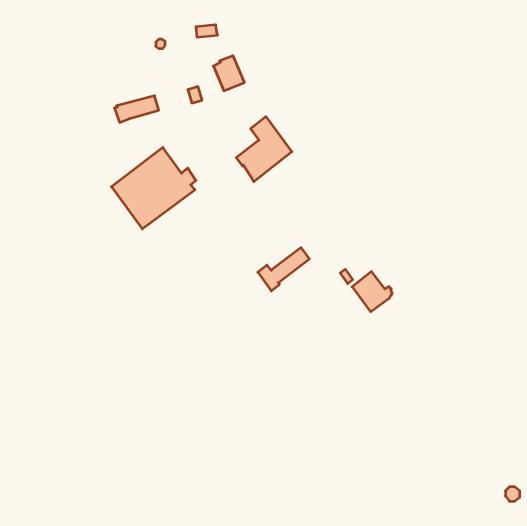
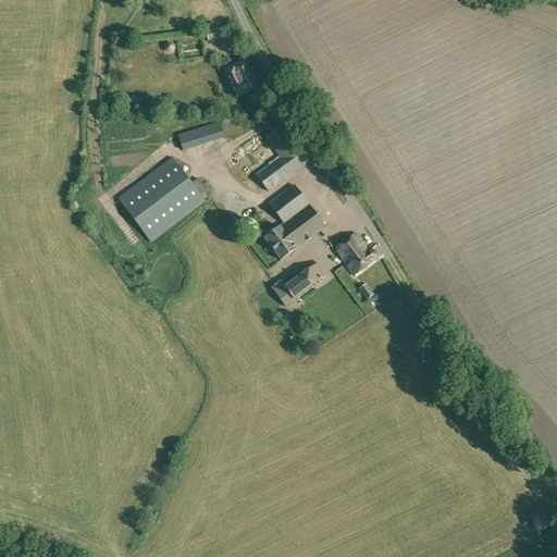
building: [114,96,159,122] -> [177,122,224,150]
building: none -> [264,184,325,259]
building: [352,272,392,312] -> [334,232,376,274]

